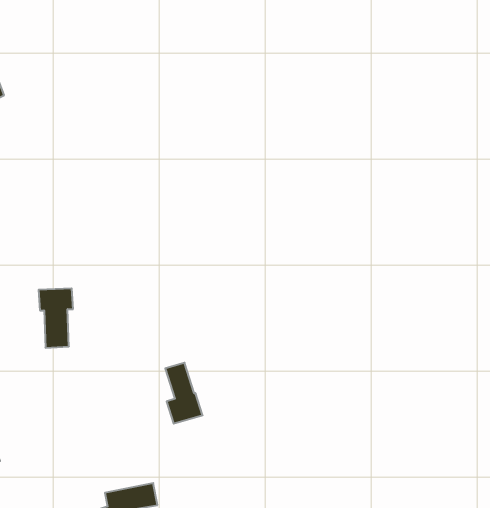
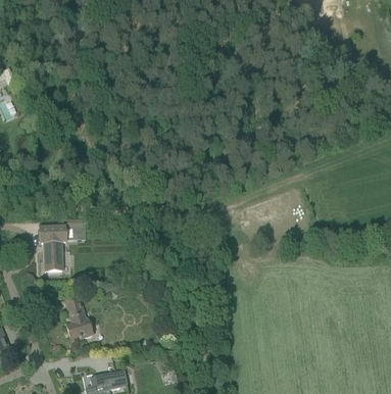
building: [165,363,203,424] -> [64,295,92,340]

